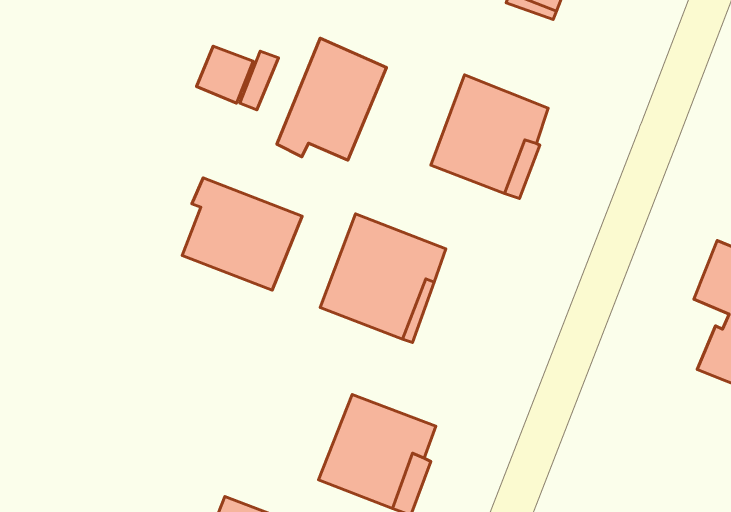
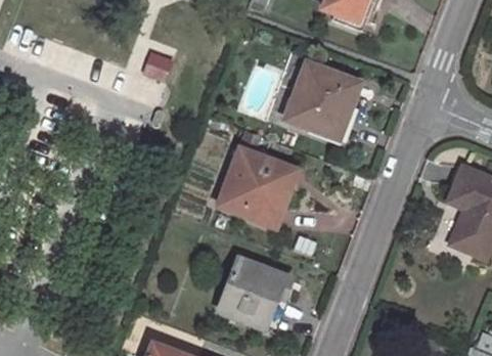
building: [277,38,386,160] -> none
building: [182,178,302,290] -> none

